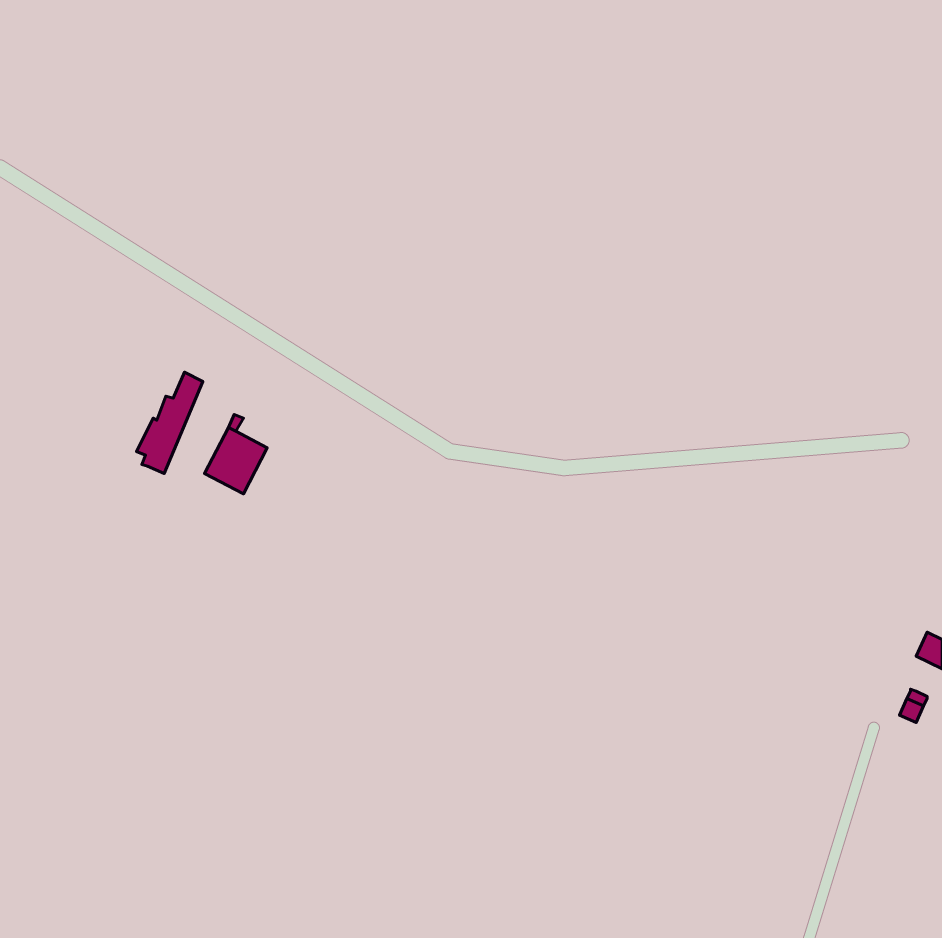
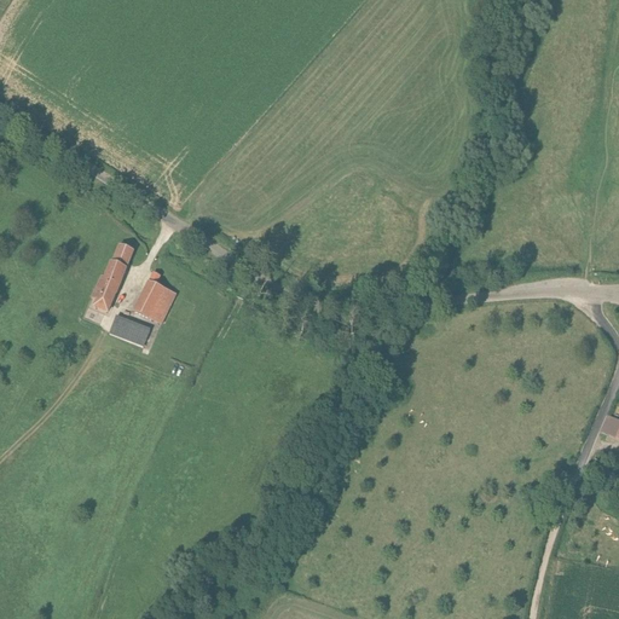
building: none -> [109,314,150,346]

